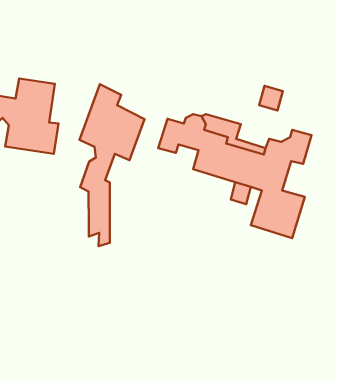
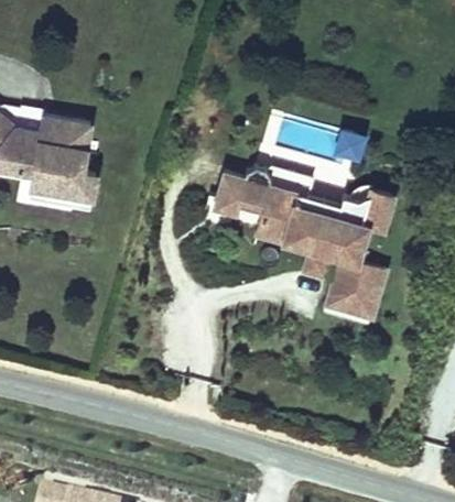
building: [79,84,144,246] -> none

